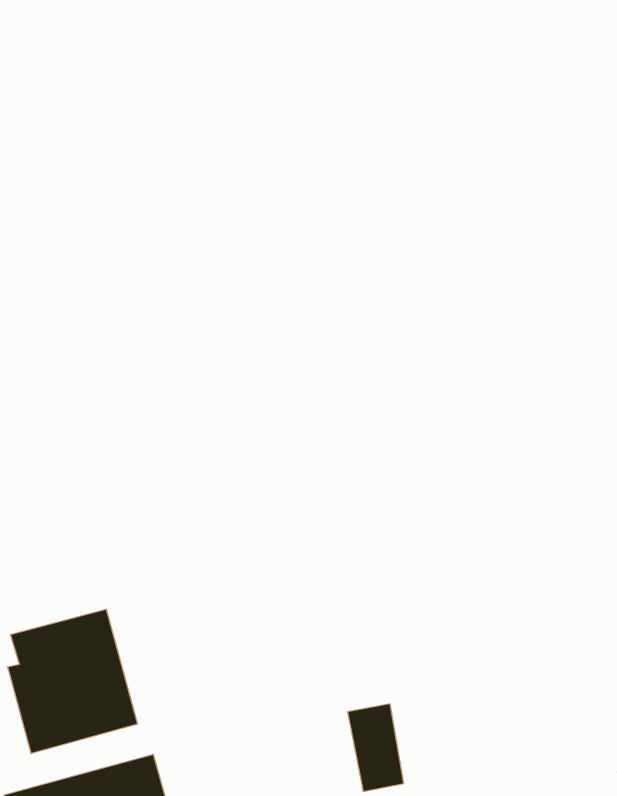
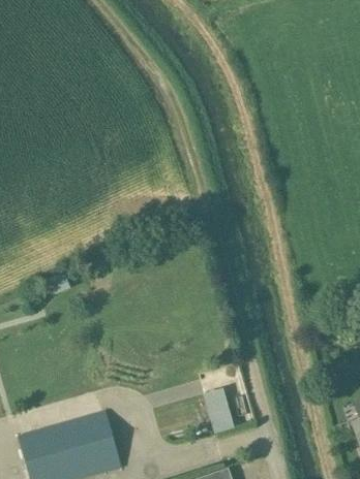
building: [8,609,138,754] -> none

